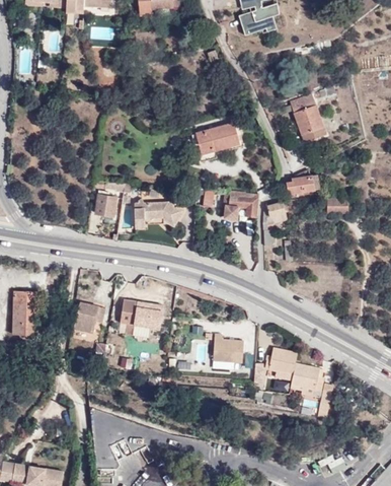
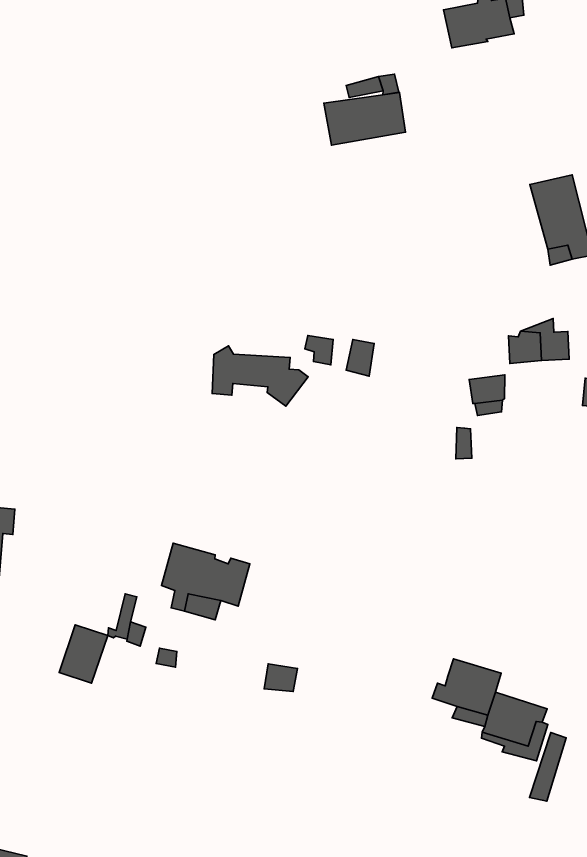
building: [196,123,239,153] -> [324,92,406,145]
building: [95,191,116,215] -> none
building: [224,192,258,219] -> none
building: [74,303,97,333] -> [59,625,108,683]
building: [212,335,243,370] -> none

